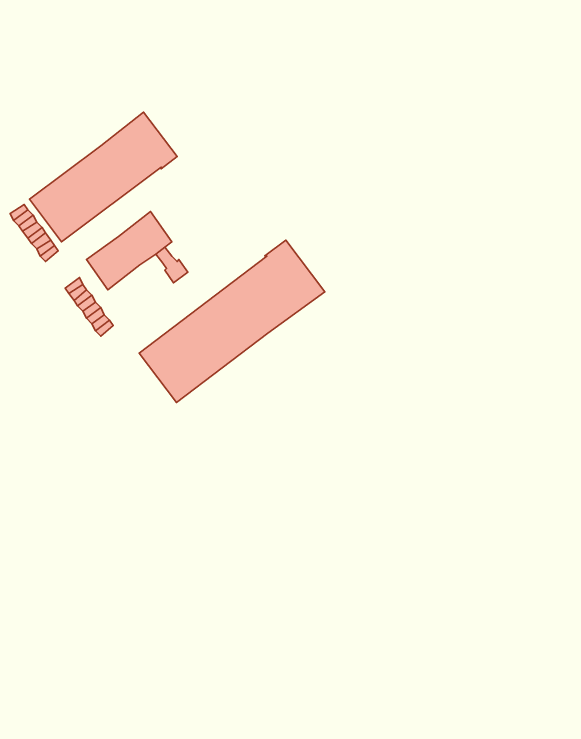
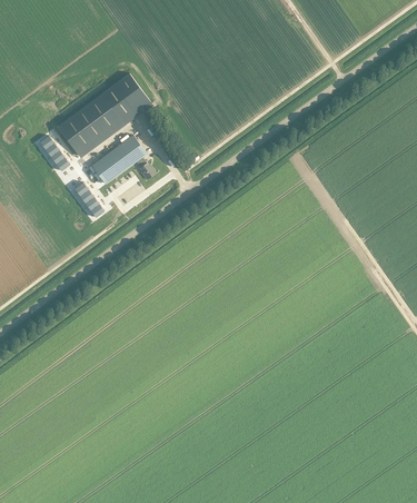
building: [139,240,325,402] -> none

